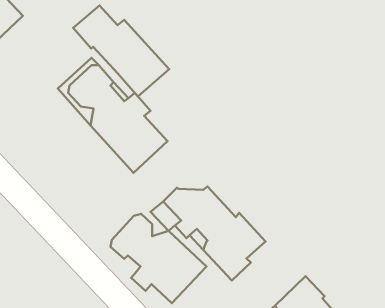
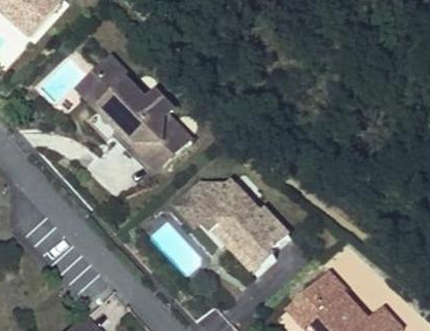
building: [73,5,169,96] -> none
building: [111,214,207,303] -> none

